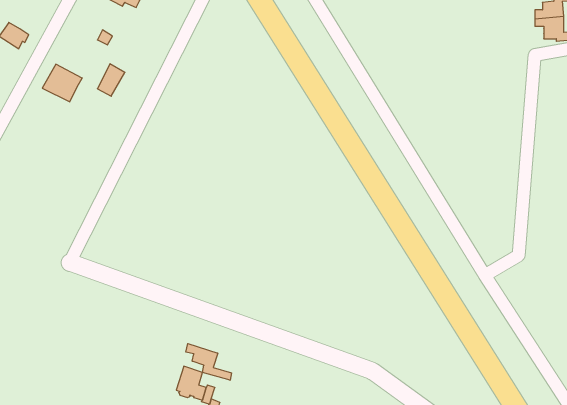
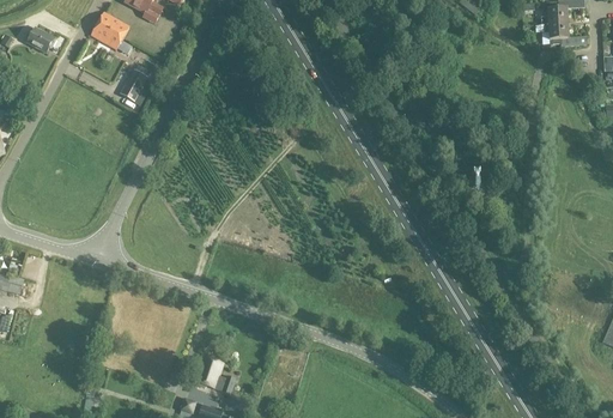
building: [42,64,82,102] -> [90,12,128,48]
building: [186,344,232,380] -> none

